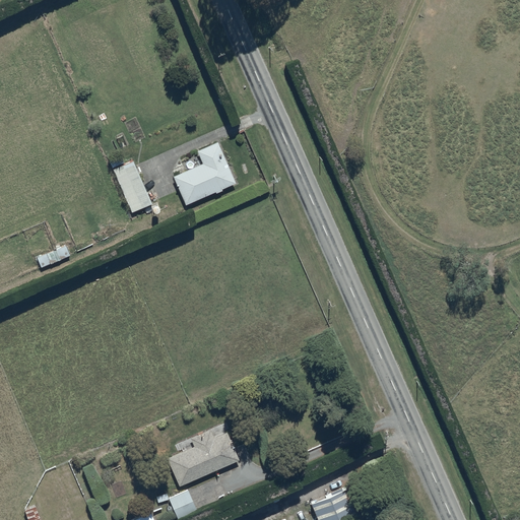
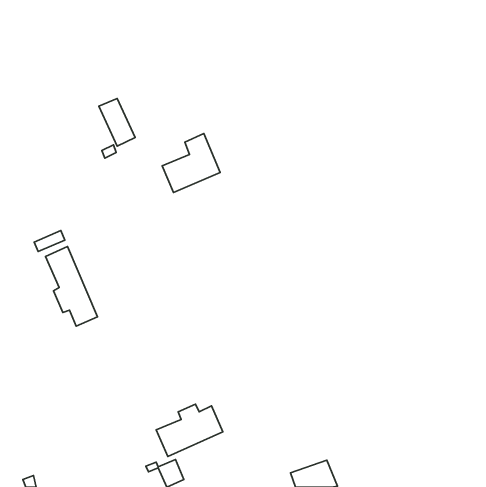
building: [114,162,152,213] -> [99,98,135,146]
building: none -> [46,247,98,326]

